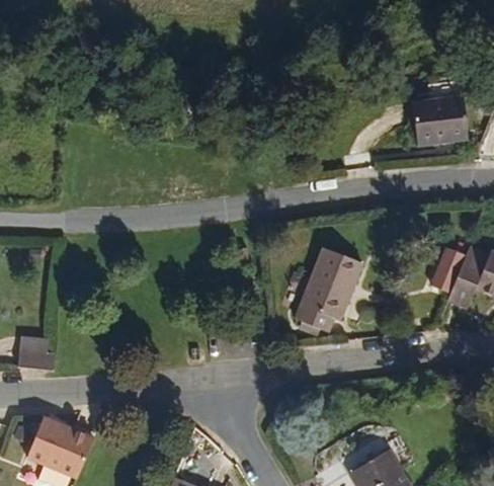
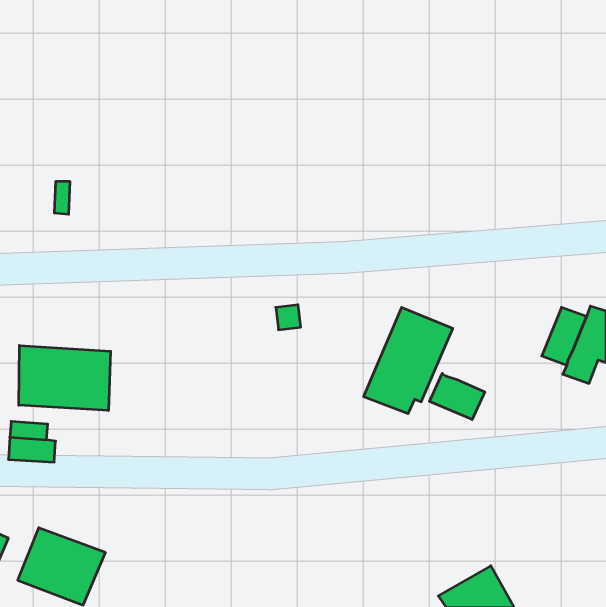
building: [398,102,452,147] -> none
building: none -> [19,345,111,411]
building: none -> [429,373,485,420]

